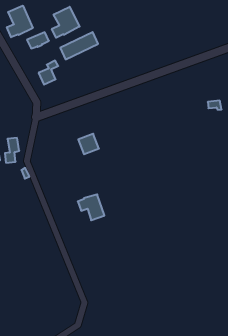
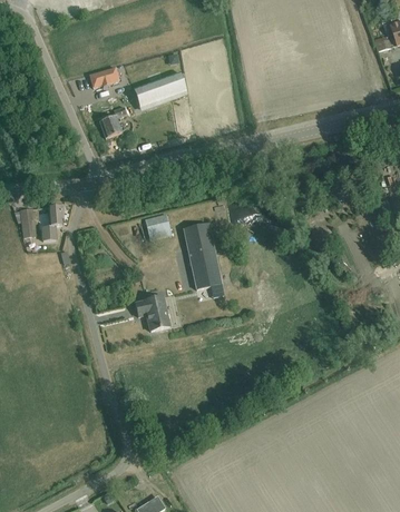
building: [7,6,33,37] -> none
building: [52,7,80,38] -> none
building: none -> [184,224,221,288]

